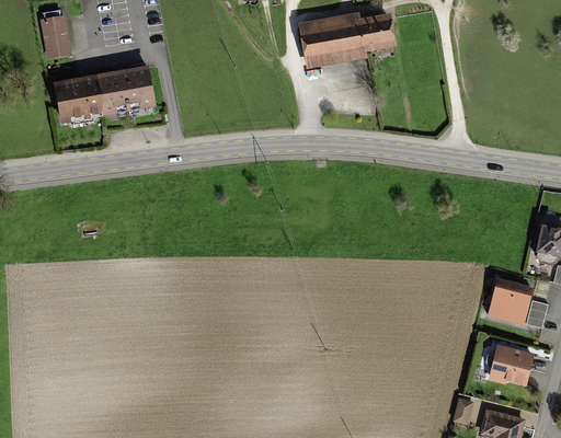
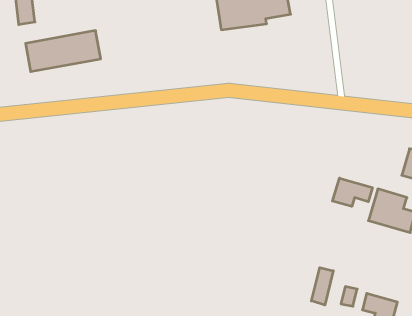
building: none -> [332,178,372,206]
building: [491,337,541,381] -> none
building: none -> [311,268,333,305]

